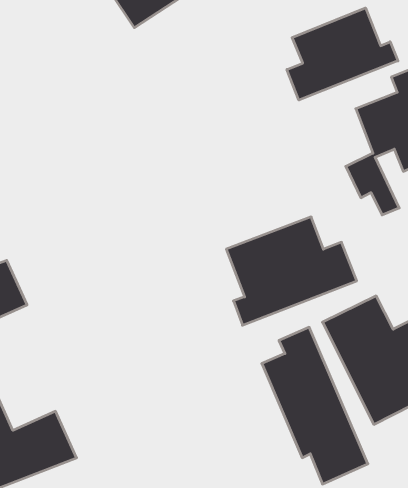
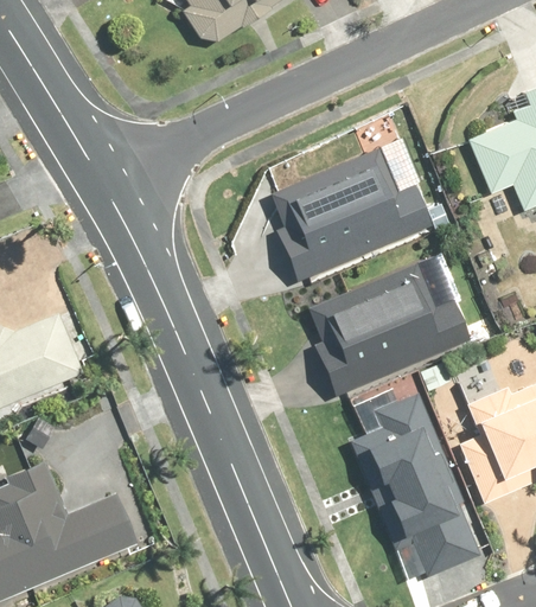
building: [287,8,398,100] -> none
building: none -> [269,148,435,287]

